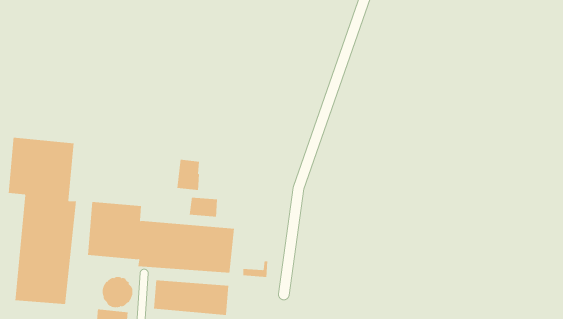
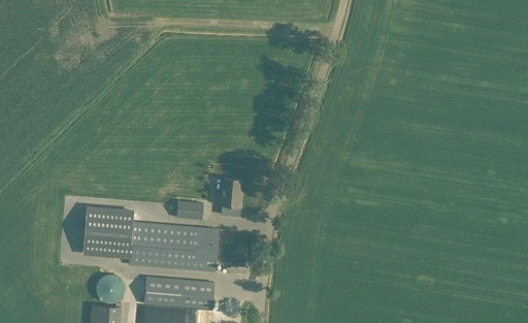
building: [8,137,77,305] -> none
building: [176,159,200,191] -> [219,177,240,206]

